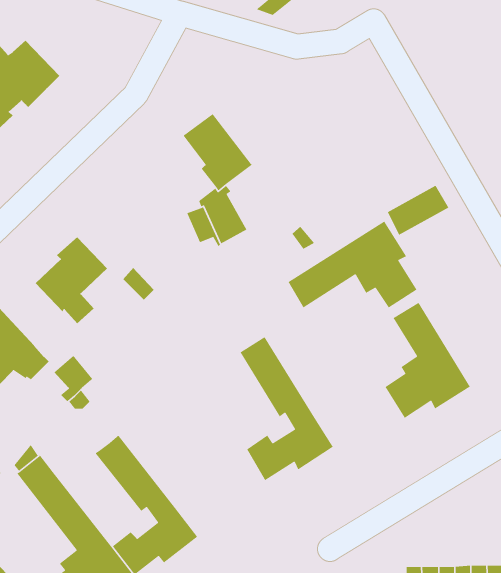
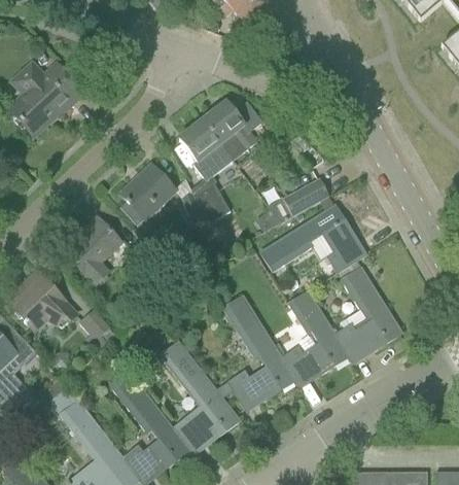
building: none -> [202,102,261,160]
building: none -> [120,165,174,237]
building: [387,185,449,236] -> [280,178,328,217]
building: none -> [281,289,350,381]
building: none -> [161,340,239,449]

